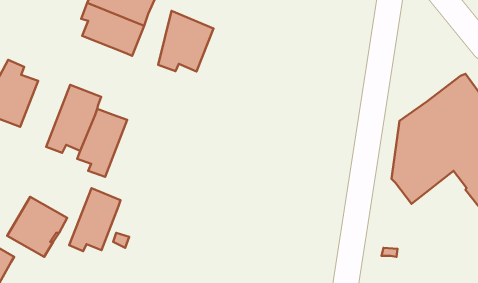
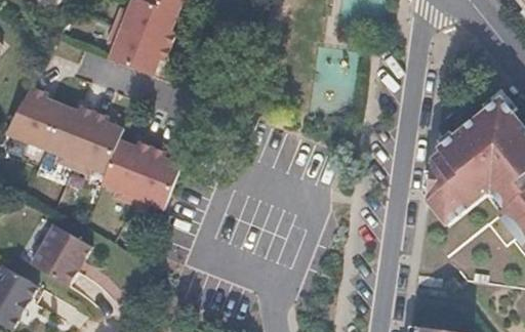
building: [158,11,214,71] -> none
building: none -> [45,90,96,172]
building: [69,188,120,251] -> [132,144,185,209]

